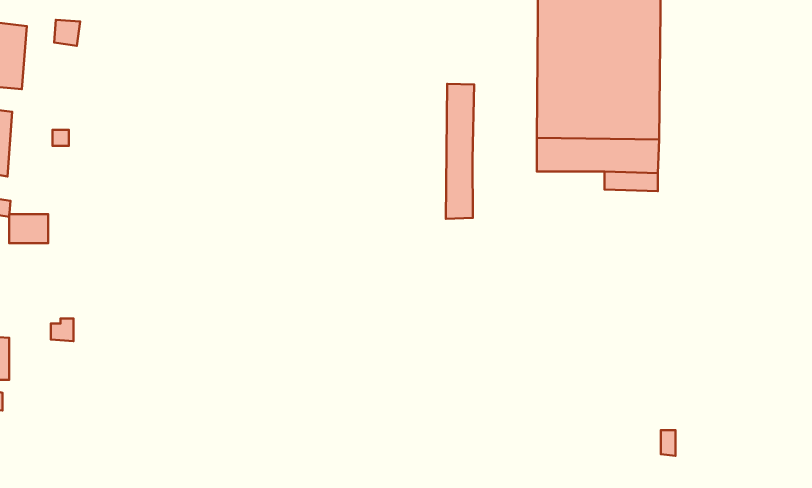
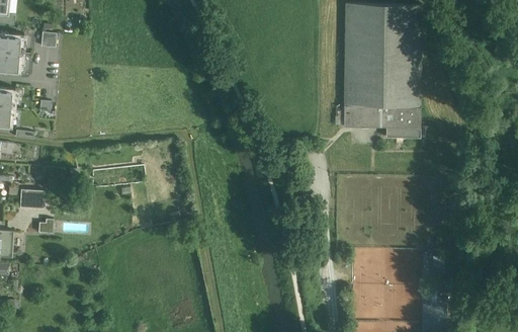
building: [446,84,474,219] -> none
building: [9,214,48,243] -> [20,190,45,209]

